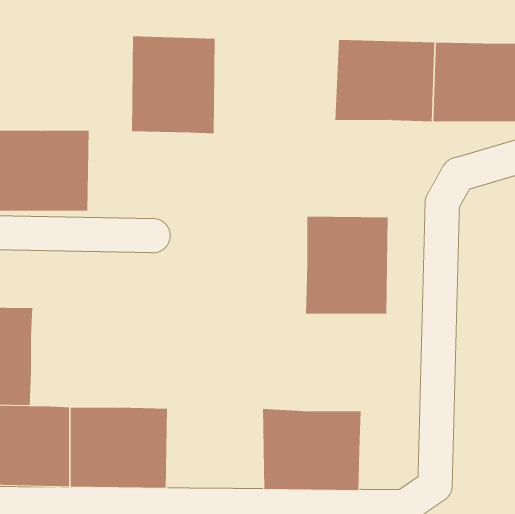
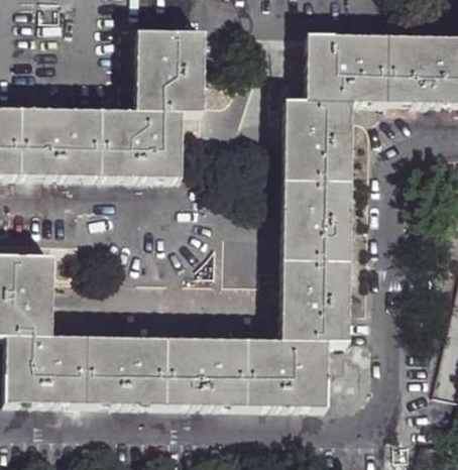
building: none -> [281,100,351,181]
building: none -> [102,109,185,177]
building: none -> [279,260,348,340]
building: none -> [166,338,246,404]

